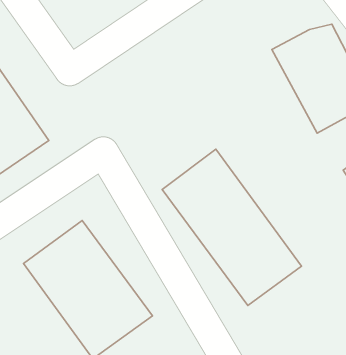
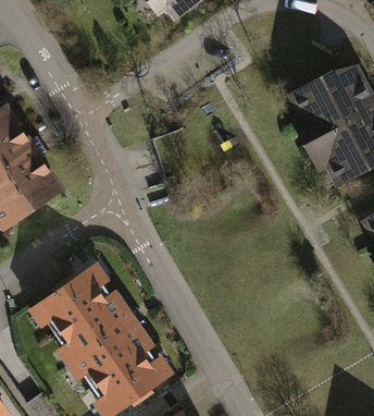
building: [162,149,301,306] -> none

